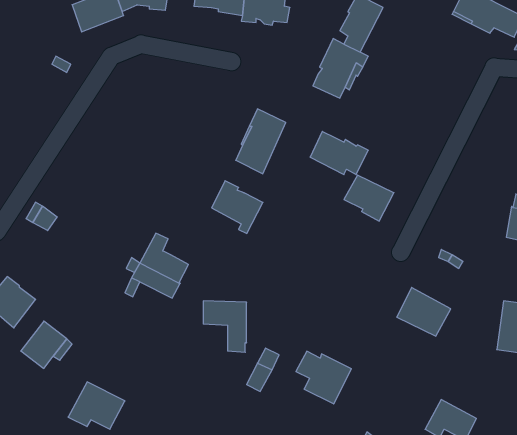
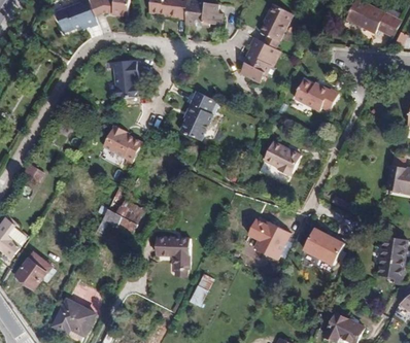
building: none -> [108,60,139,98]
building: [310,131,368,175] -> [294,78,338,111]
building: [212,181,263,233] -> [103,125,142,165]
building: [296,351,351,404] -> [247,218,289,259]

